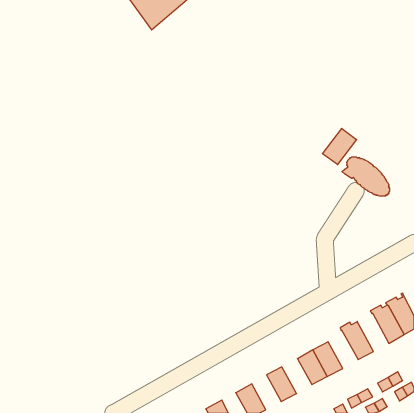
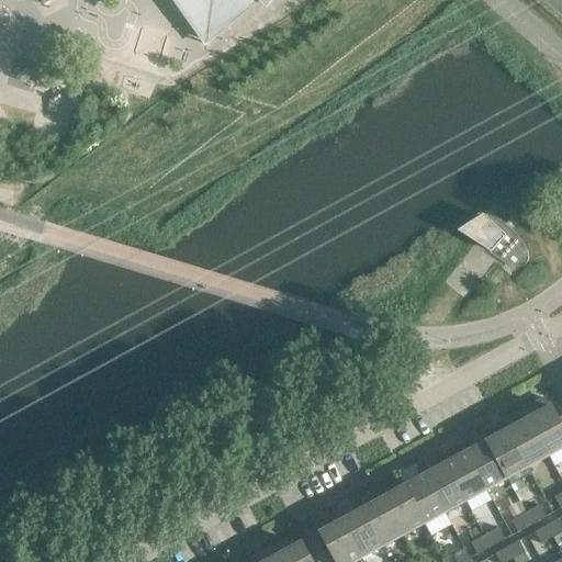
building: [323,128,357,165] -> none
building: none -> [481,425,527,476]
building: none -> [440,448,485,499]
building: none -> [382,486,423,533]
building: none -> [341,508,381,555]

